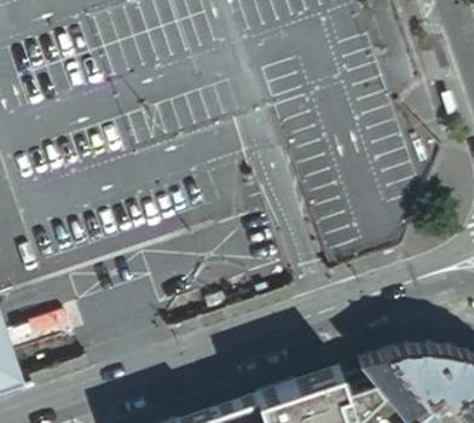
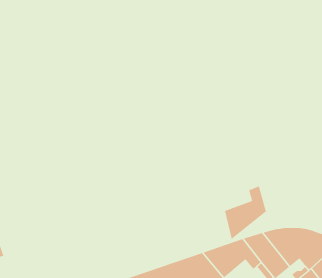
building: none -> [224,186,267,240]

